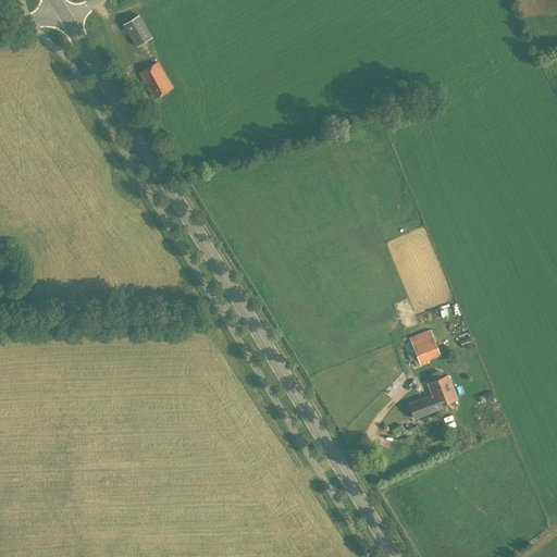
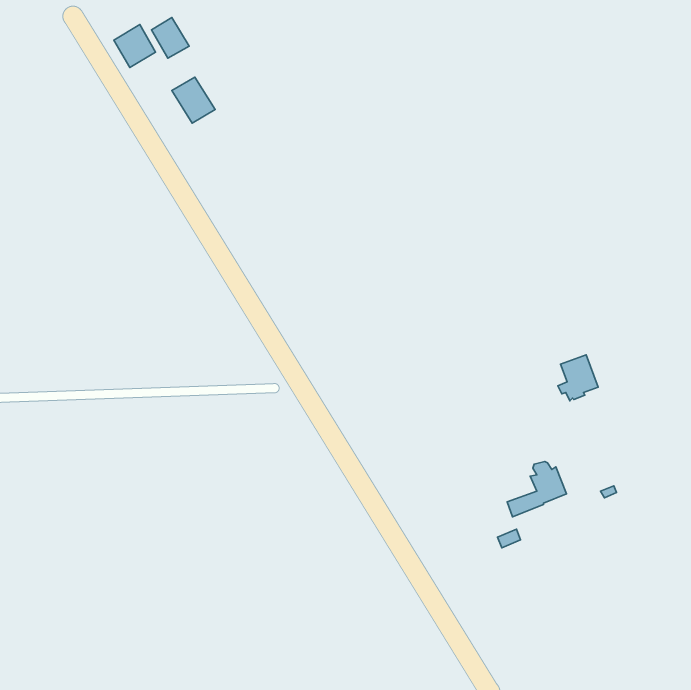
building: none -> [114,25,156,68]
building: [407,331,440,368] -> [558,355,598,401]

